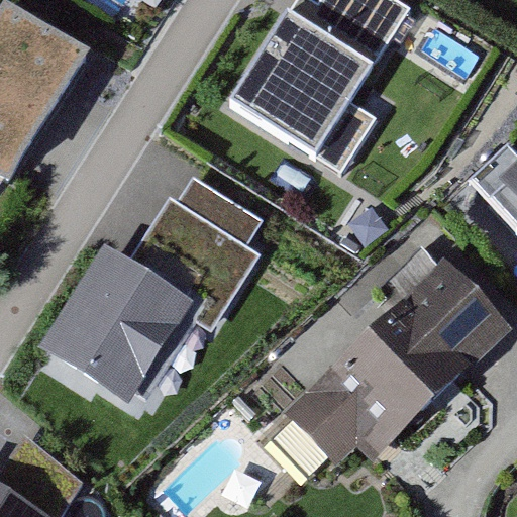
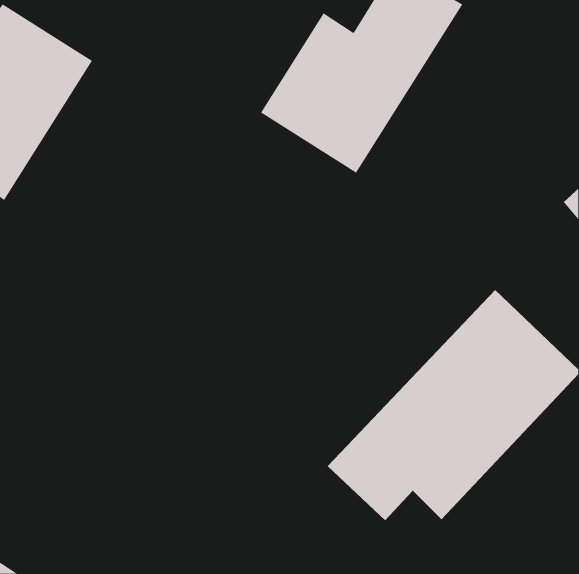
building: [49,178,267,390] -> none

